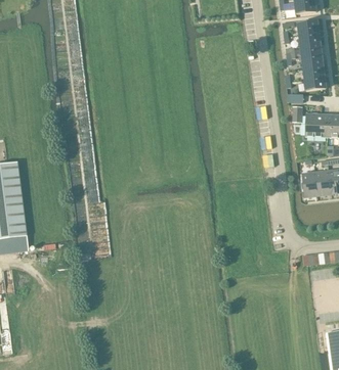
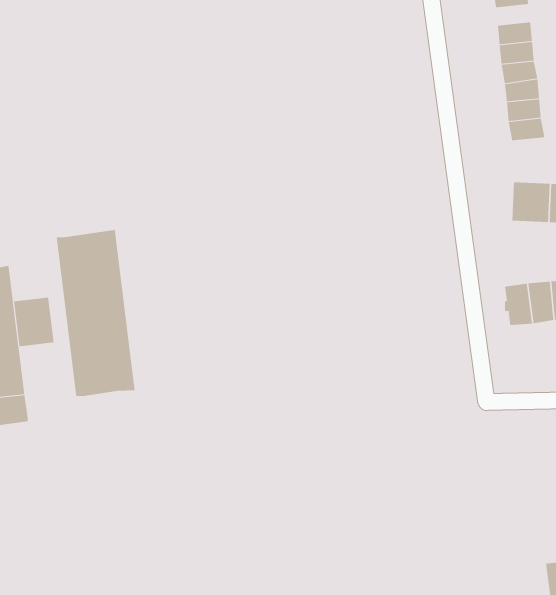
building: none -> [56,229,135,397]
building: none -> [13,297,54,347]

